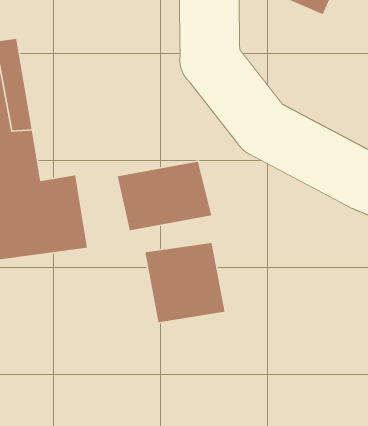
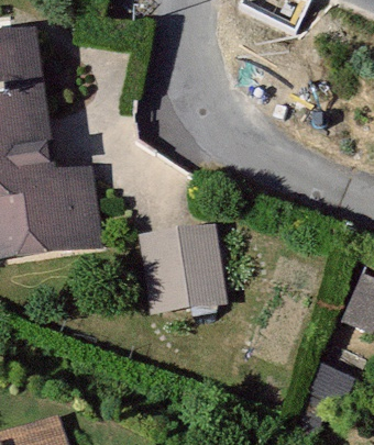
building: [117,161,212,231] -> none

